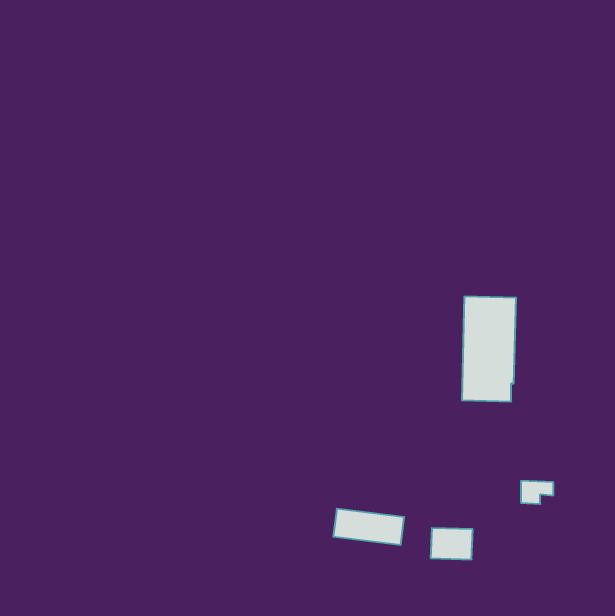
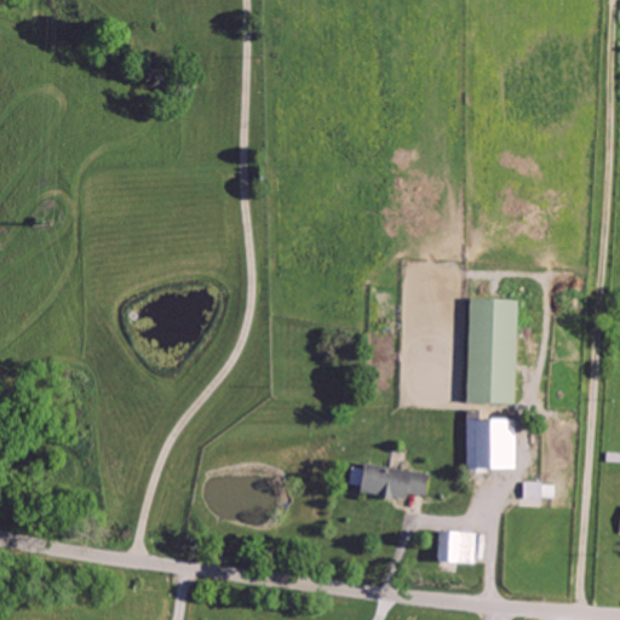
building: none -> [465,418,516,467]
building: [333,509,404,545] -> [358,464,430,500]

